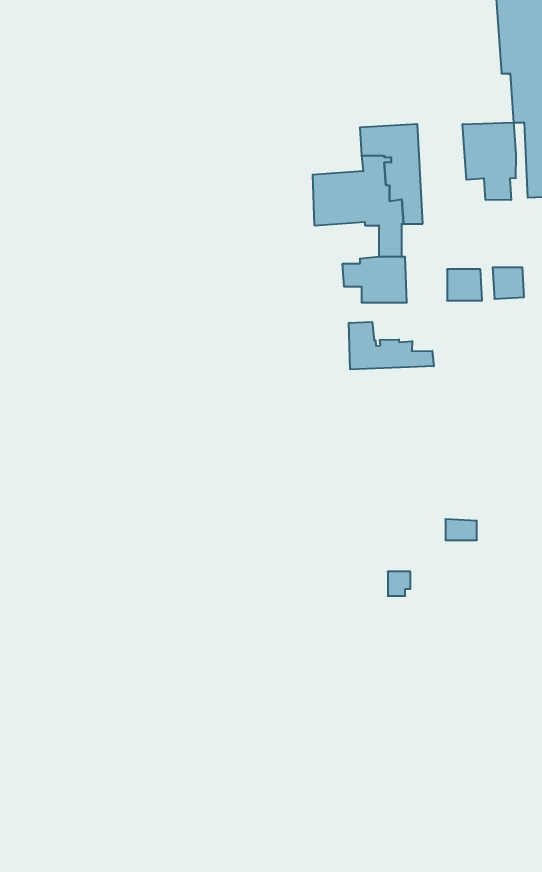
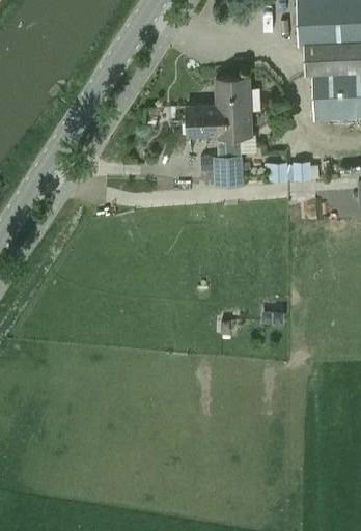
building: [463,122,516,200] -> none
building: [349,322,434,369] -> none

